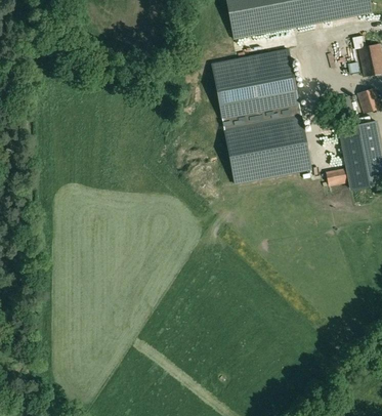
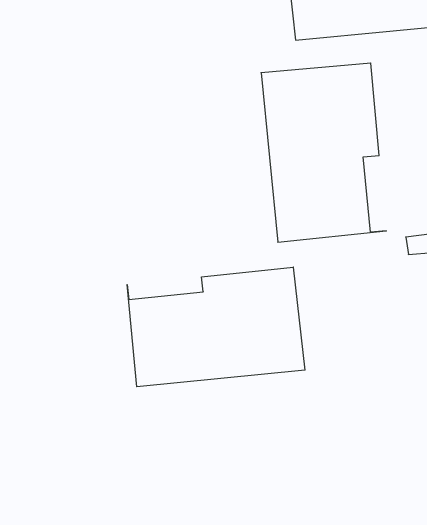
building: none -> [127,267,305,387]

